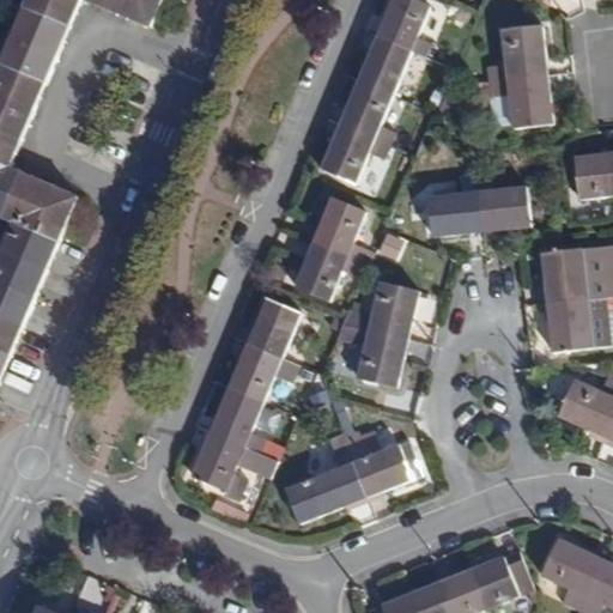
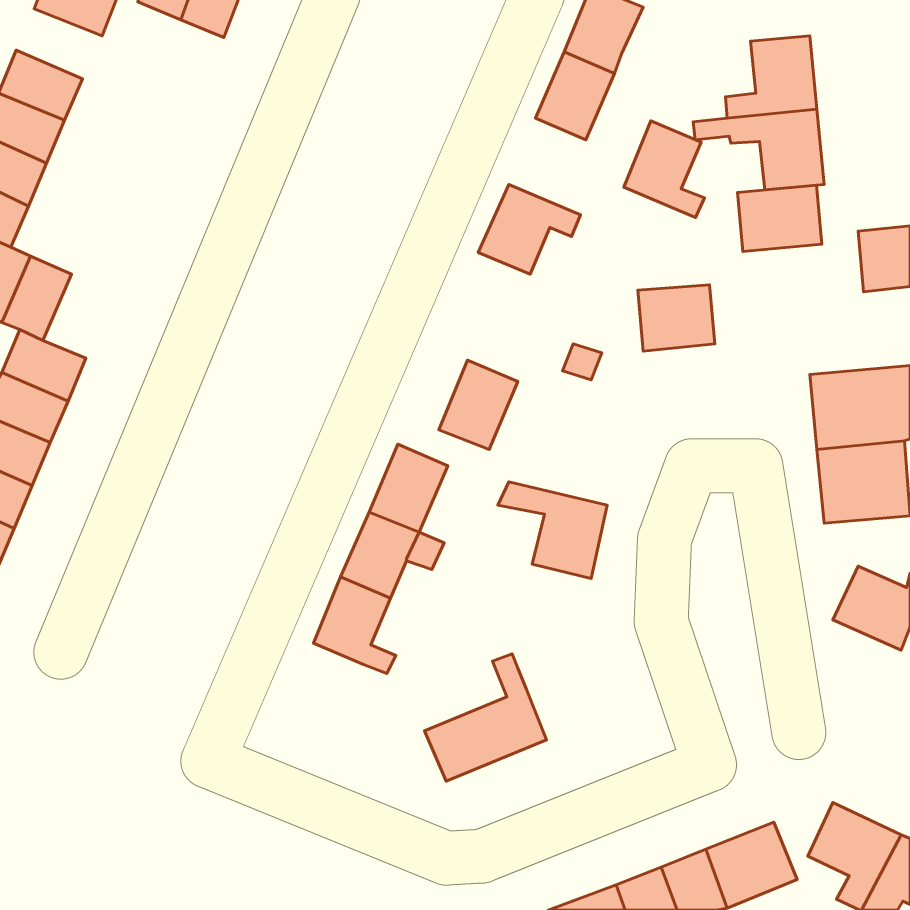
building: [11,6,68,53] -> none
building: [340,79,394,144] -> [624,121,705,218]
building: [29,183,77,239] -> none
building: [474,186,530,230] -> [738,185,822,251]
building: [312,195,364,255] -> none
building: [340,280,418,338] -> none
building: [341,427,419,494] -> none
building: [190,430,275,500] -> none

